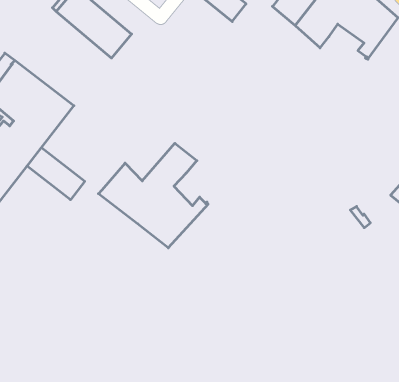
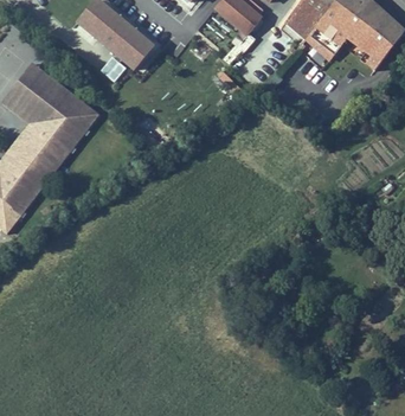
building: [98,143,208,248] -> none
building: [27,148,85,200] -> none

